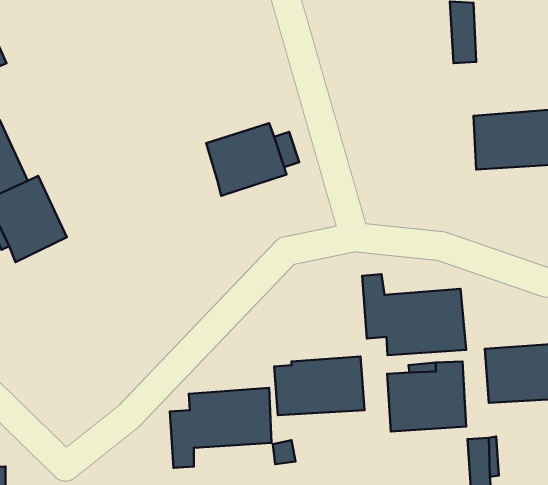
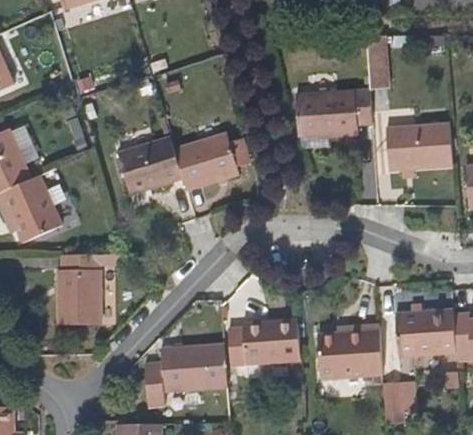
building: none -> [296,89,373,138]
building: none -> [118,135,183,194]
building: [362,274,466,355] -> none
building: none -> [57,253,120,323]

